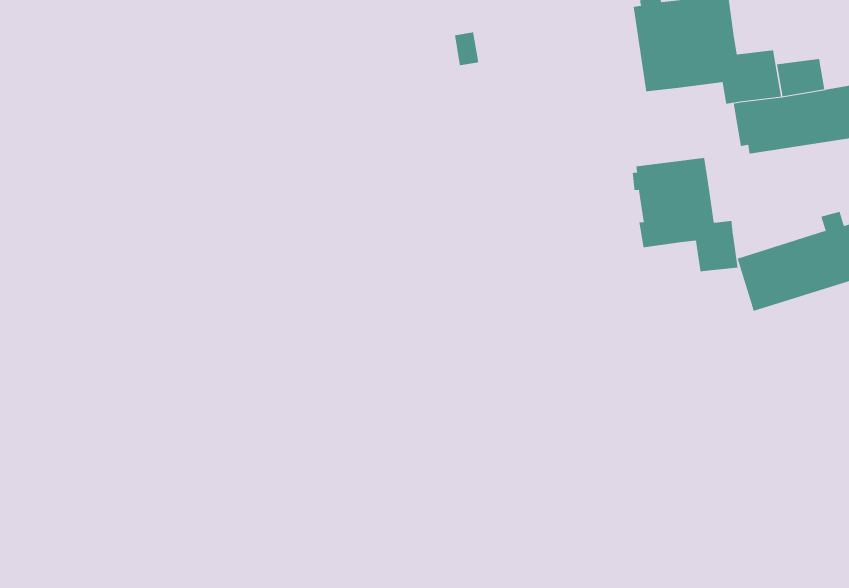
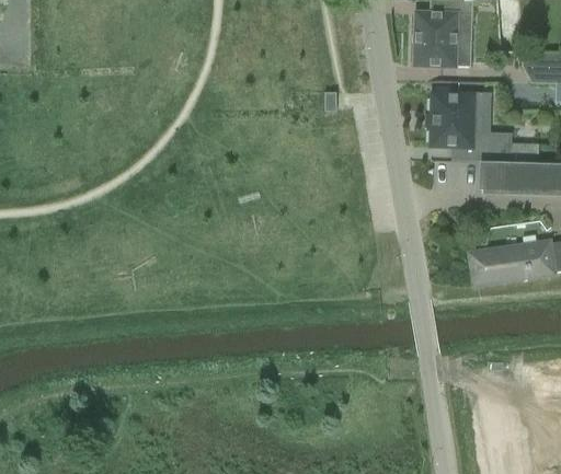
building: [632,157,738,272] -> none

